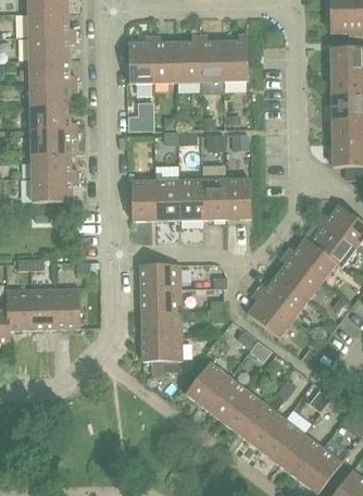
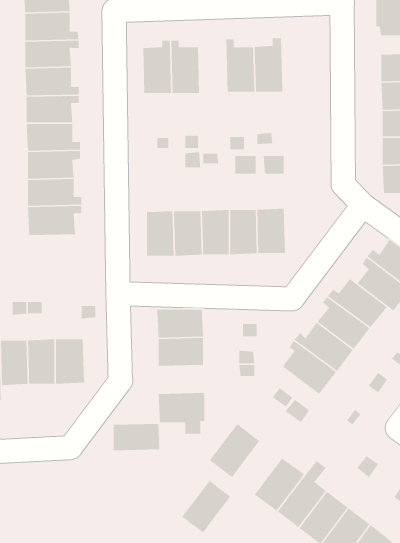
building: [176,36,200,83] -> none
building: [141,313,182,337] -> [113,423,160,451]
building: [204,377,247,423] -> [181,480,231,534]

